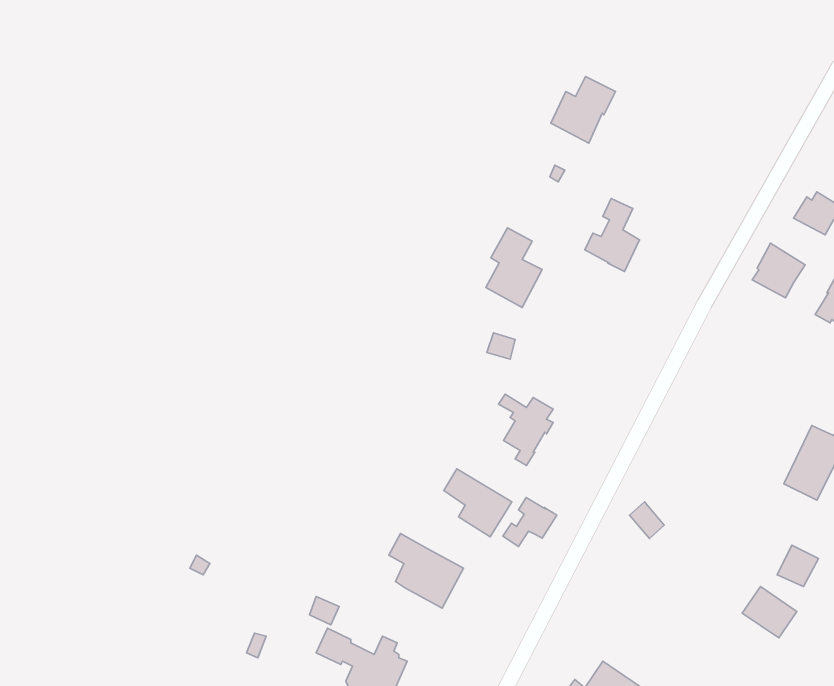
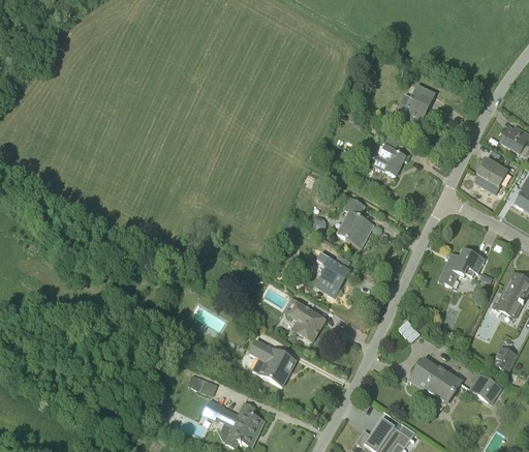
building: [551,77,615,143] -> [396,84,436,125]
building: [486,228,542,308] -> [337,195,372,245]
building: none -> [439,248,485,285]
building: [503,498,557,547] -> none
building: none -> [412,358,463,402]

